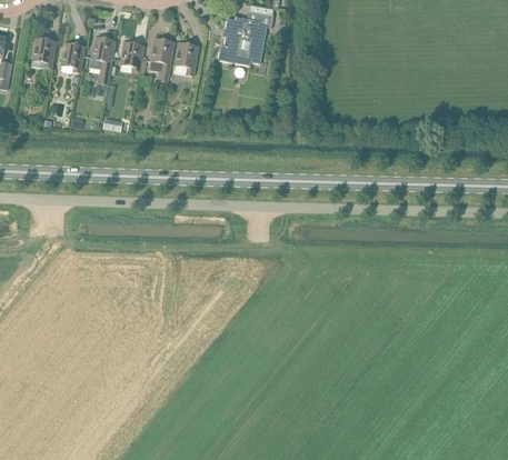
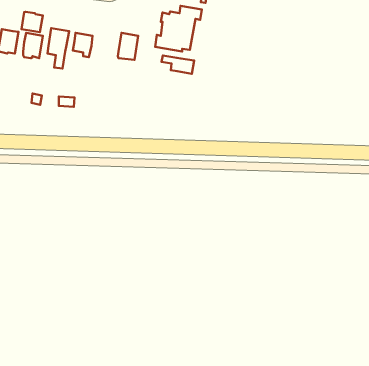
building: none -> [22,12,43,32]
building: [149,37,175,81] -> none
building: none -> [162,56,194,74]

